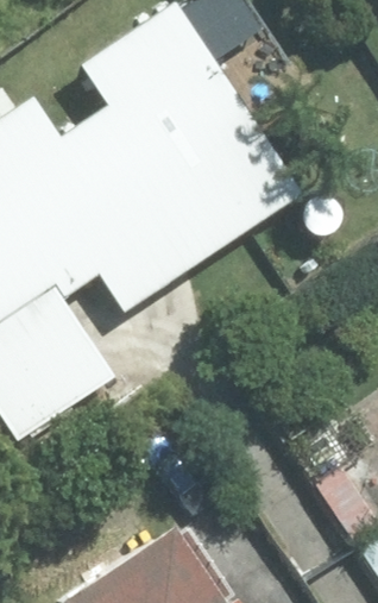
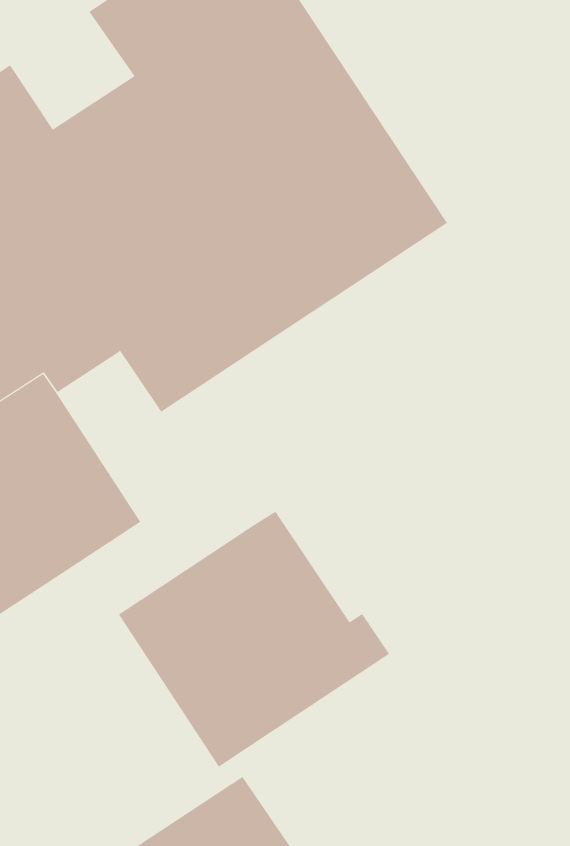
building: none -> [118,511,390,768]

